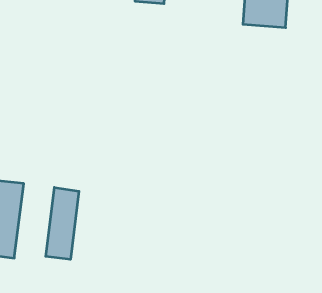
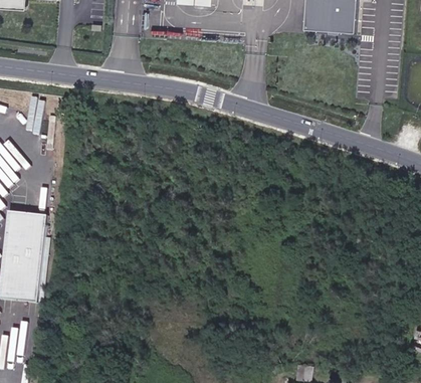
building: [46,187,79,259] -> none

